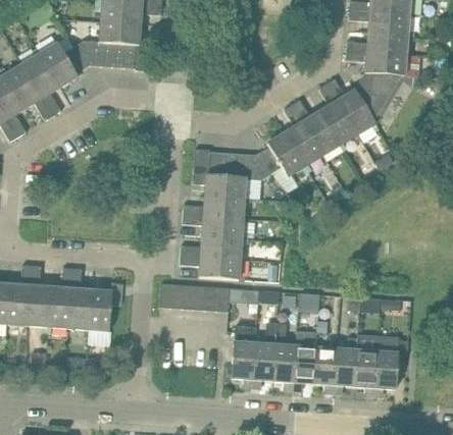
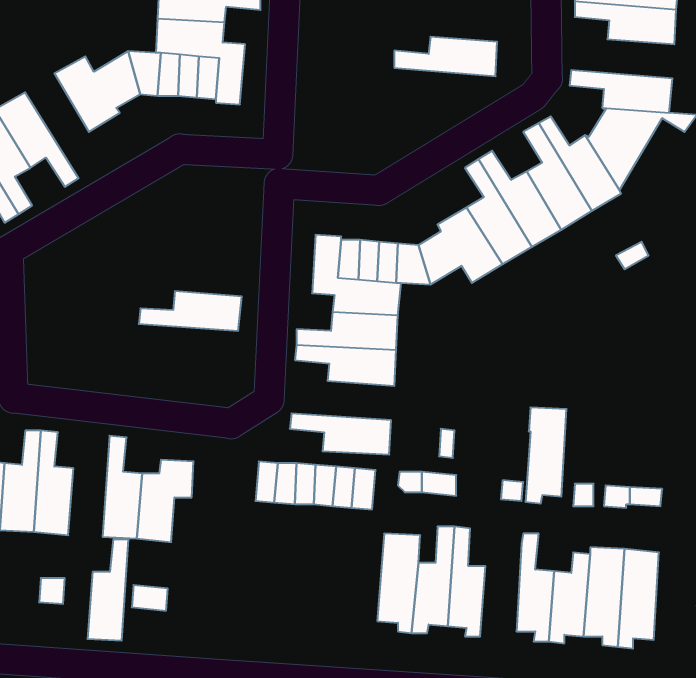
building: [347,32,408,55] -> [394,37,497,76]
building: [22,52,62,114] -> none
building: [181,234,242,258] -> [139,291,242,331]
building: [48,267,72,327] -> [87,539,129,641]
building: [293,330,317,387] -> [525,407,567,504]

